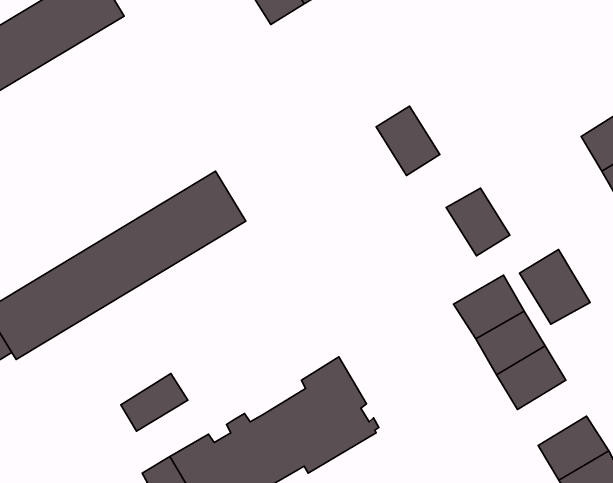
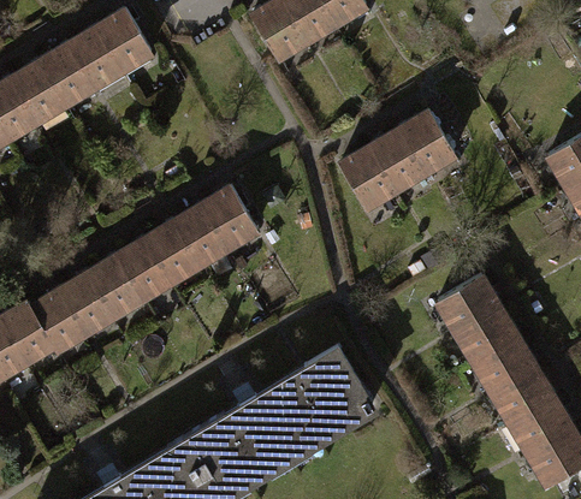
building: none -> [340,149,396,209]
building: [446,188,510,256] -> [398,114,453,173]
building: [520,249,590,324] -> none
building: [121,374,188,431] -> none
building: none -> [492,369,552,426]

